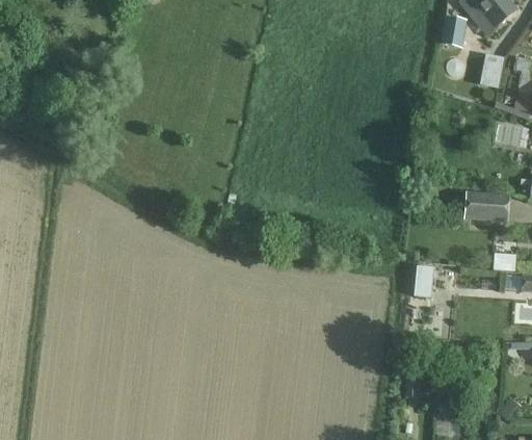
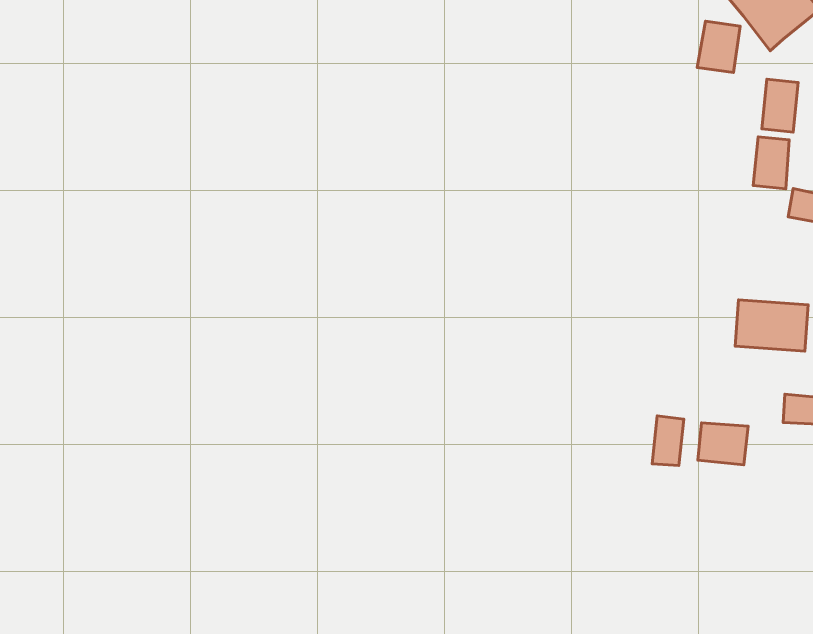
building: none -> [753,137,789,189]
building: none -> [698,423,748,465]

